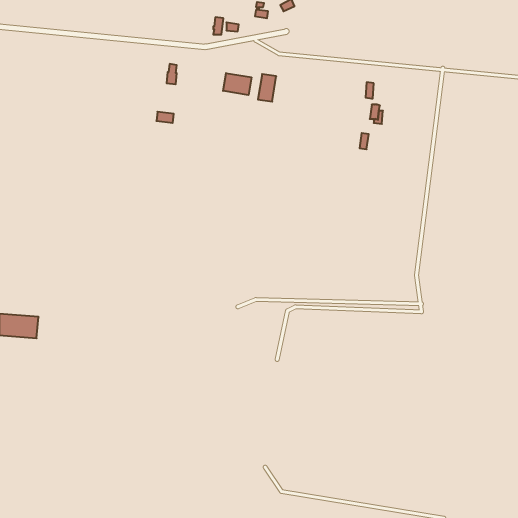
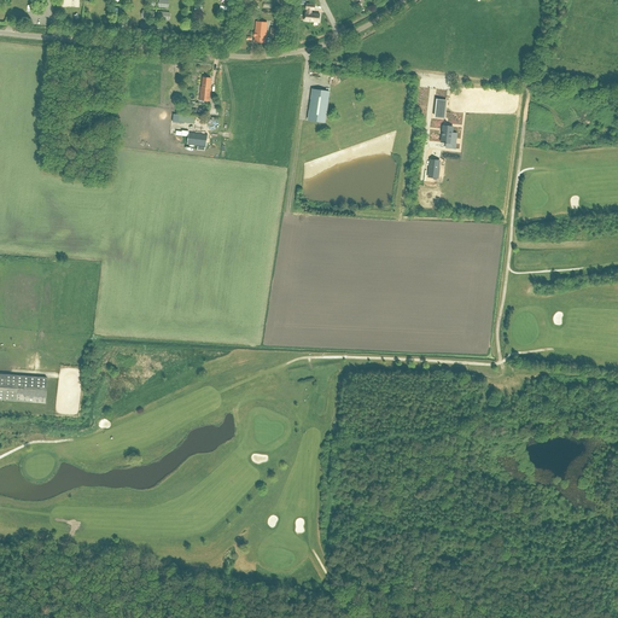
building: [223,73,251,95] -> none

